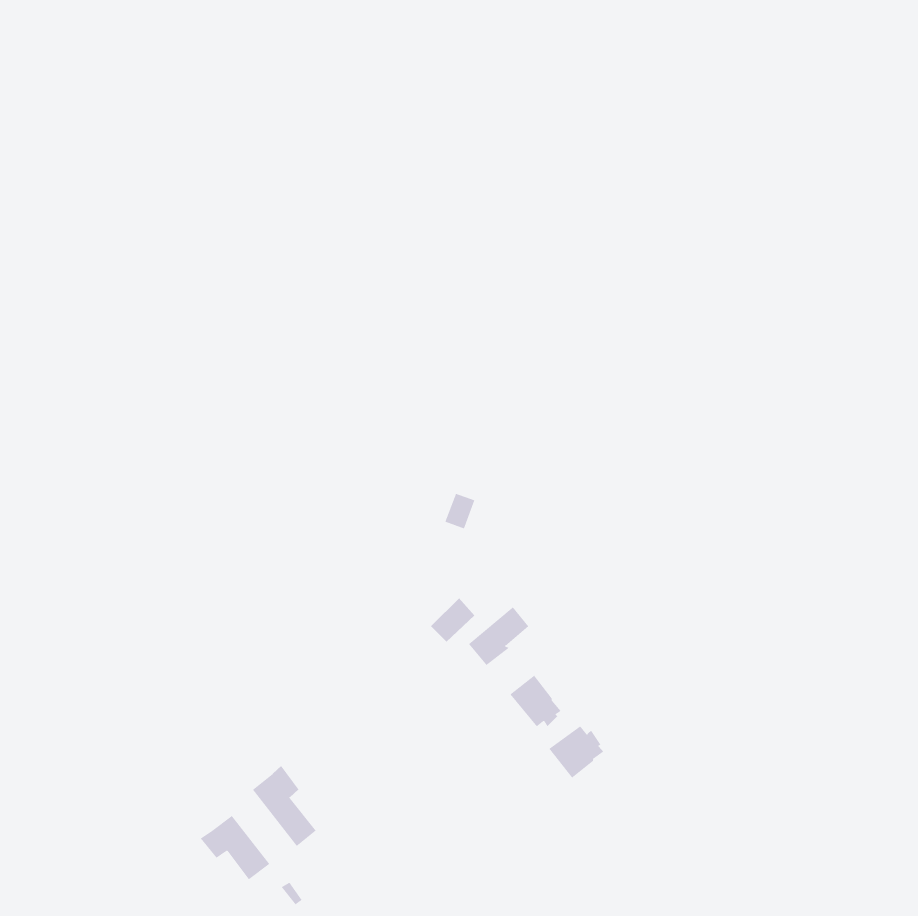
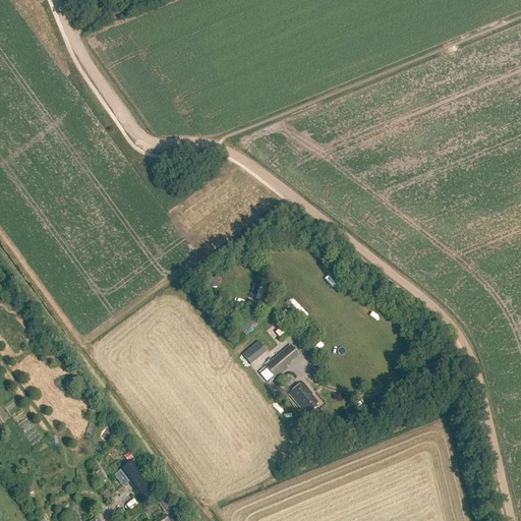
building: [549,726,604,779] -> none
building: [252,765,317,847] -> none

